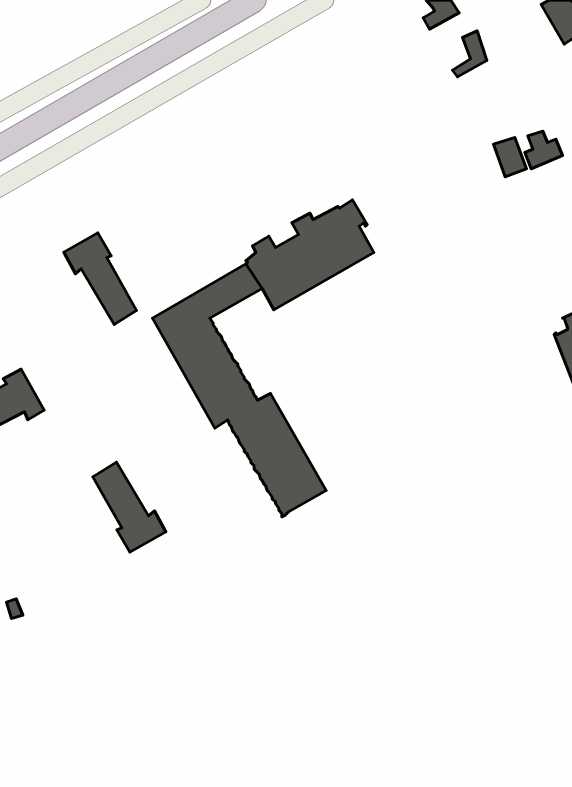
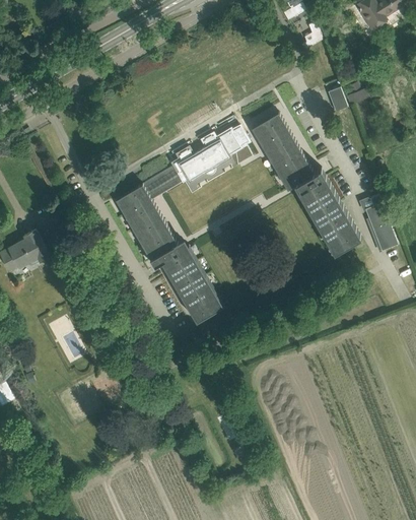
building: none -> [250,112,360,253]
building: [64,233,137,324] -> none
building: [93,462,166,552] -> none

